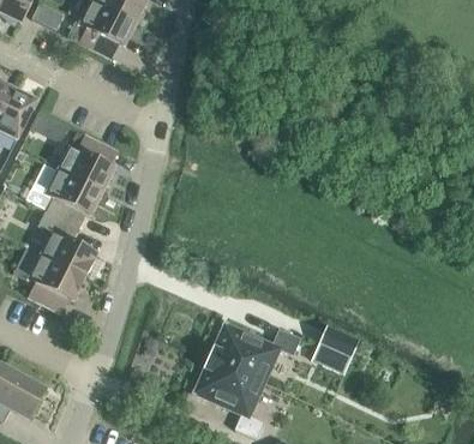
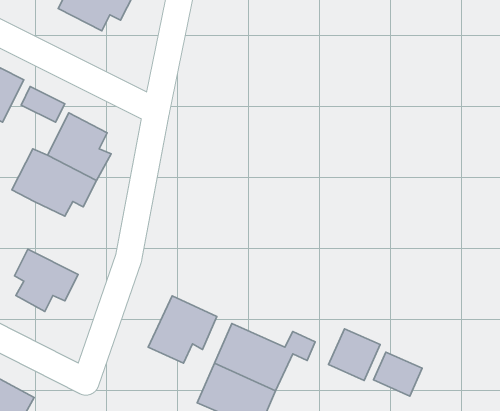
building: [37,210,96,276] -> none
building: none -> [148,296,217,363]
building: none -> [374,352,422,396]

